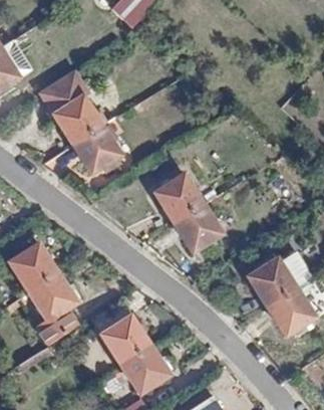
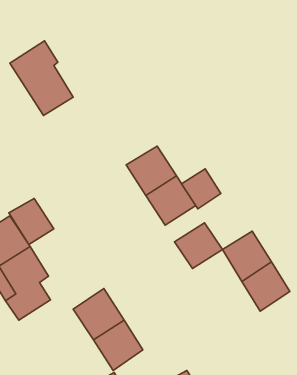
building: [73,126,121,173] -> none
building: none -> [182,169,221,209]
building: none -> [9,198,54,245]
building: none -> [174,223,222,269]

